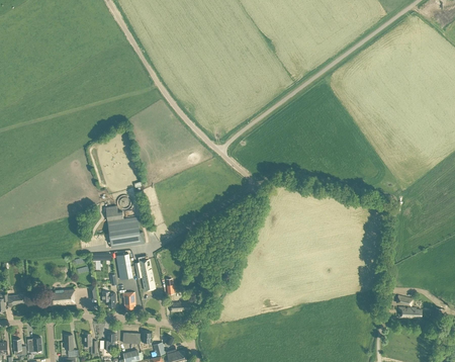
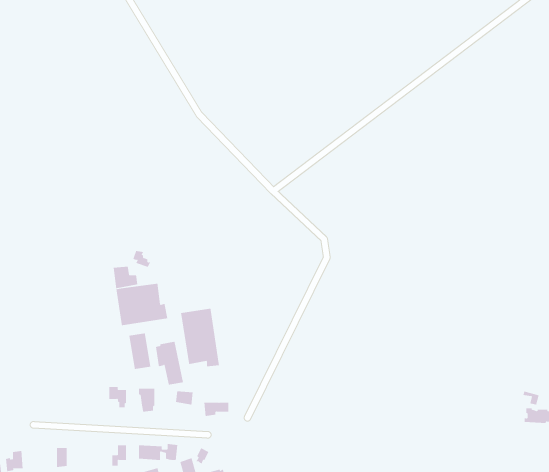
building: none -> [180,308,220,367]
building: [43,288,75,306] -> none

